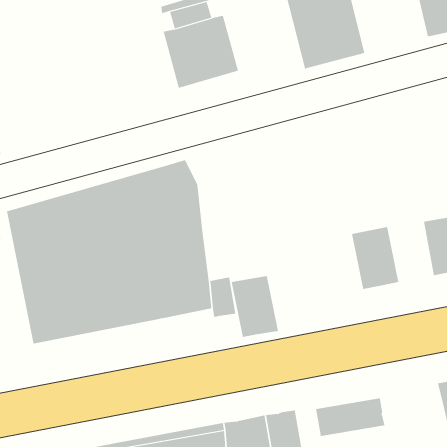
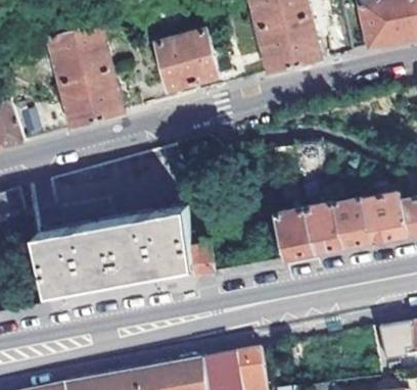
building: none -> [47,27,120,129]
building: none -> [335,196,372,246]
building: [231,276,279,338] -> [276,207,315,257]
building: [315,397,385,437] -> none

